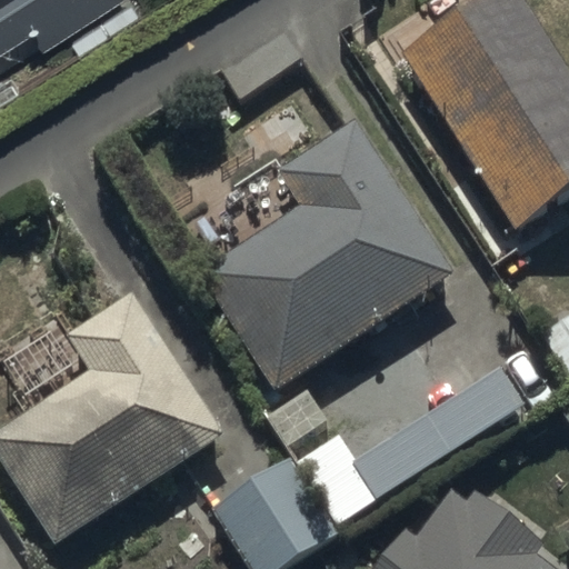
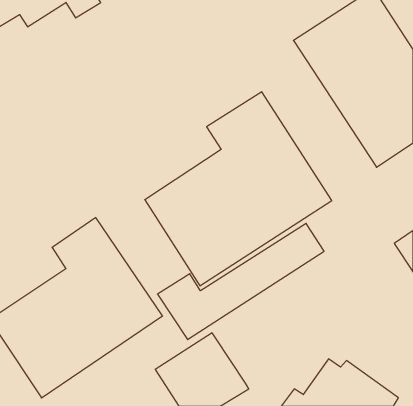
building: [295,366,522,525] -> [157,223,324,340]

